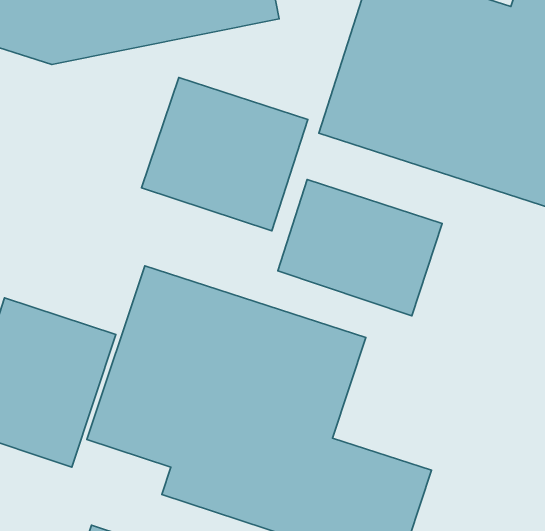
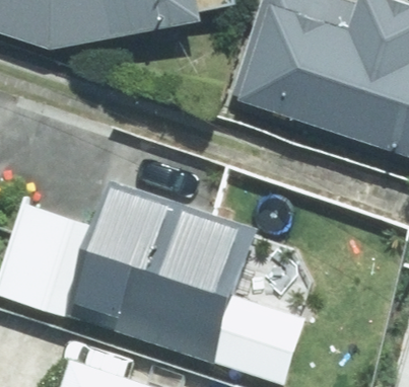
building: [141,78,308,231] -> none
building: [278,180,442,316] -> none

